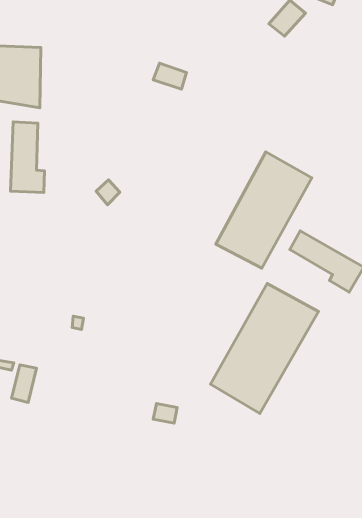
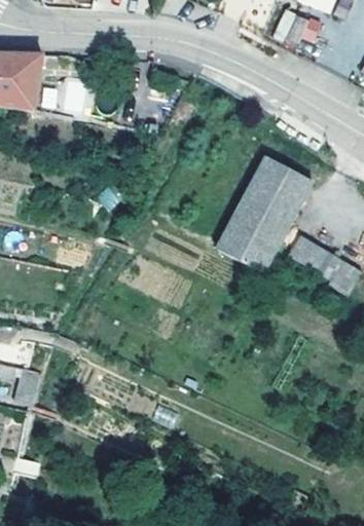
building: [10,122,44,192] -> none
building: [211,283,319,413] -> none

